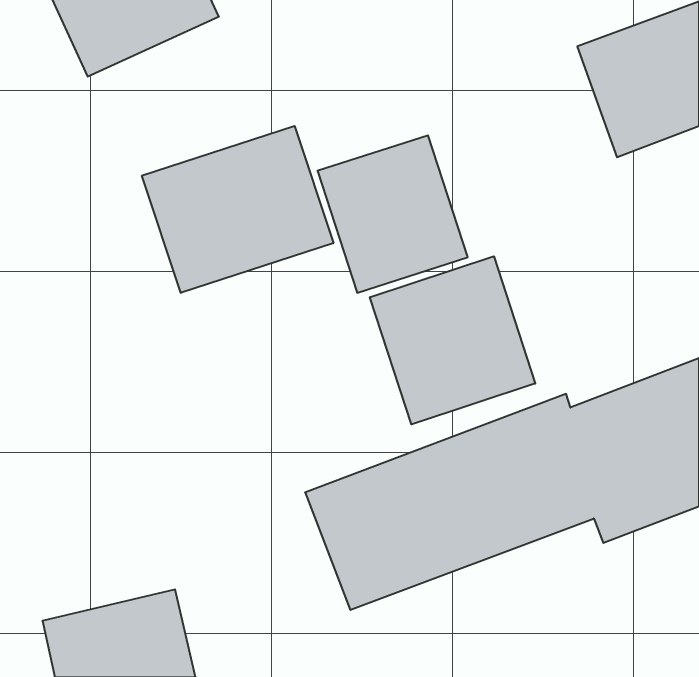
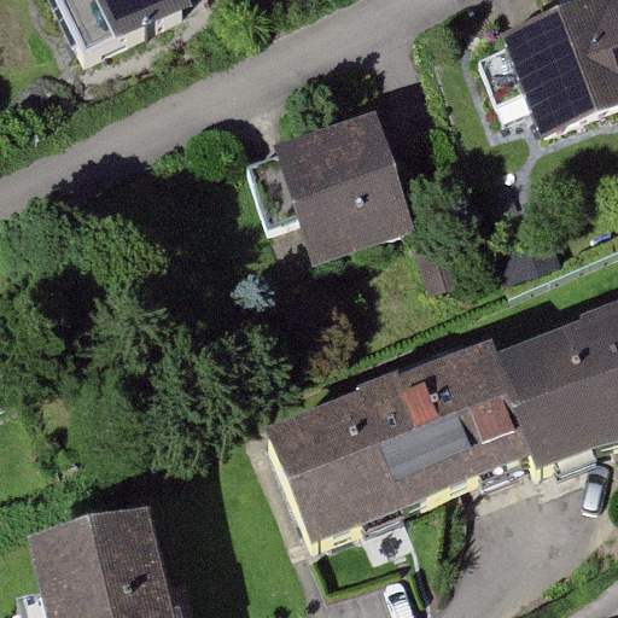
building: [142,126,333,293] -> none
building: [370,256,535,424] -> none

